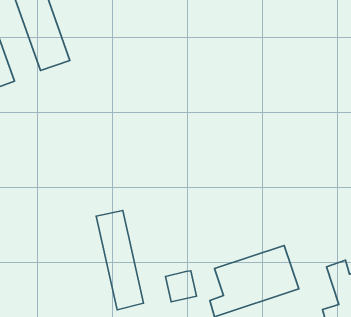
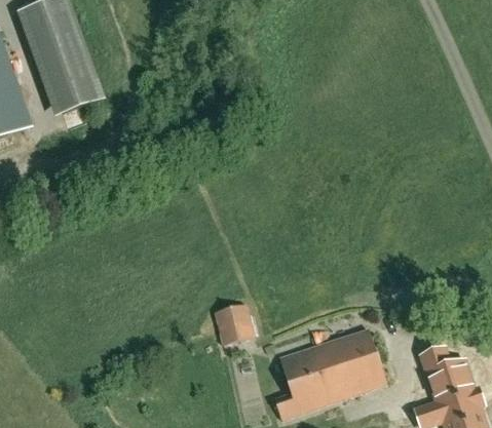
building: [96,211,143,310] -> none
building: [165,271,196,302] -> [215,305,254,344]

